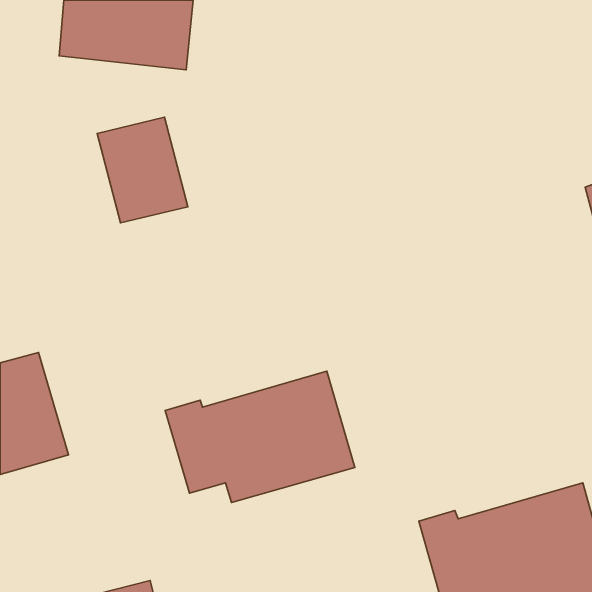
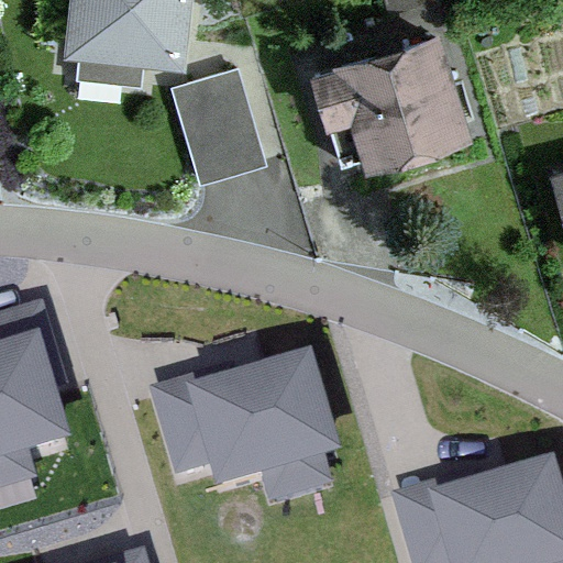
building: none -> [312,41,460,166]
building: [97,117,188,223] -> [176,76,262,176]

